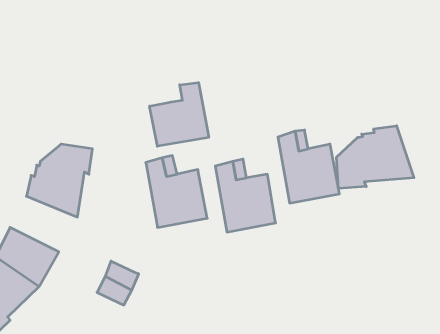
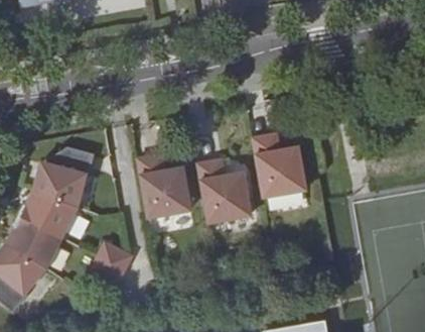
building: [150,83,209,146] -> none
building: [337,126,414,189] -> none
building: none -> [22,190,81,238]

